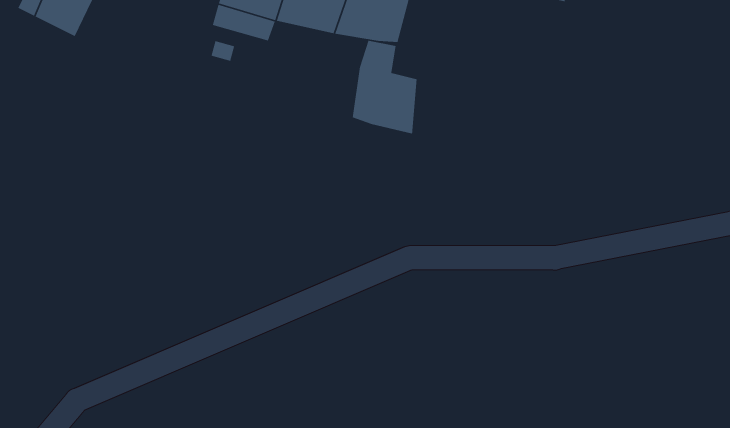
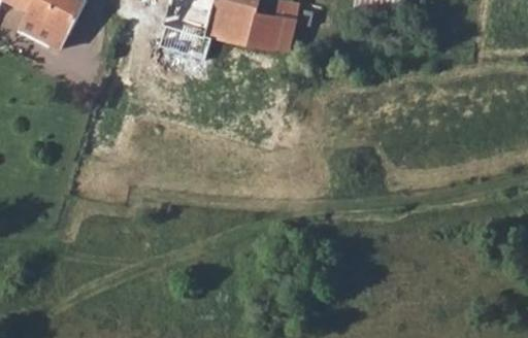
building: [352,40,417,135] -> none

